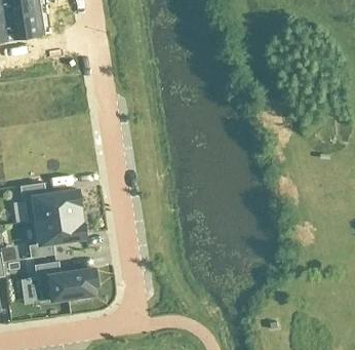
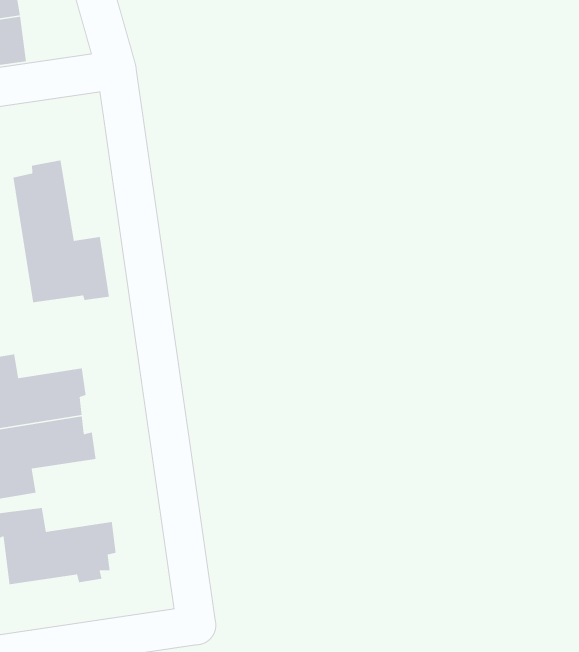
building: none -> [12,160,110,303]

